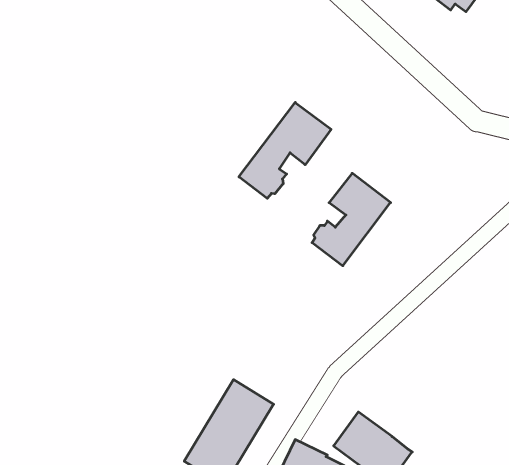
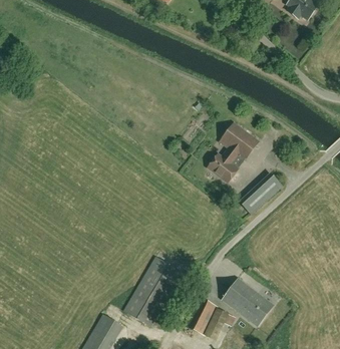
building: [239,102,331,198] -> none
building: none -> [239,173,281,214]

